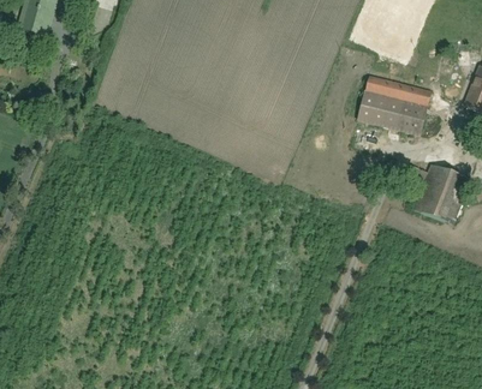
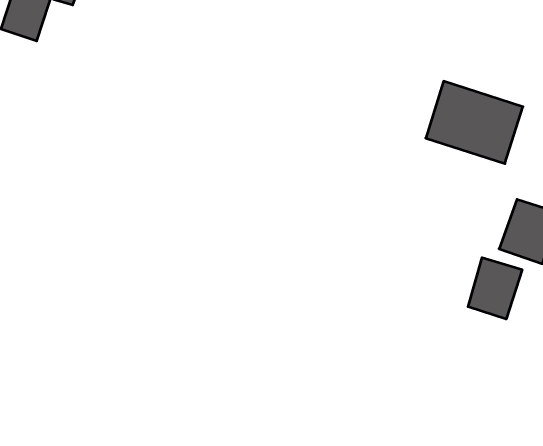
building: none -> [468,258,522,319]

